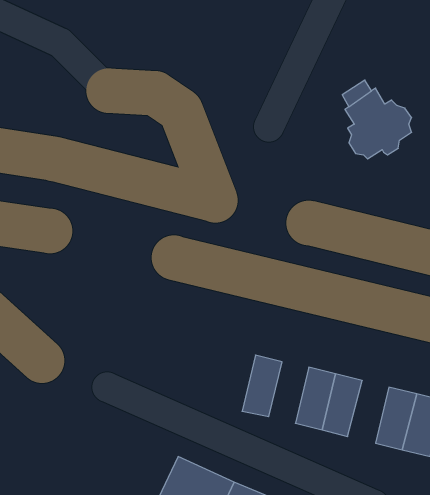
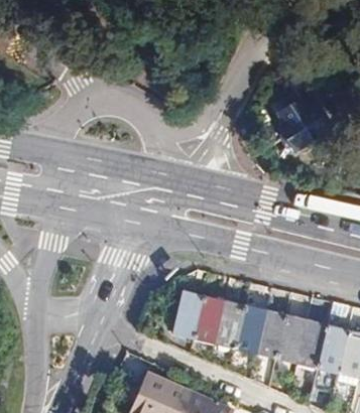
building: none -> [177,292,209,339]
building: none -> [219,302,249,349]
building: none -> [278,316,310,364]

